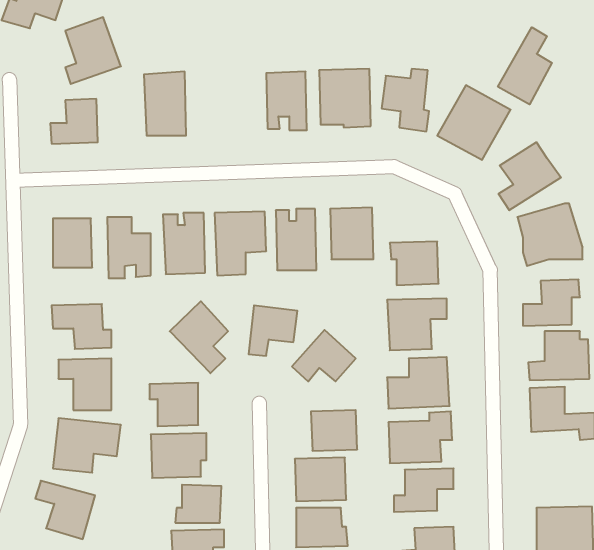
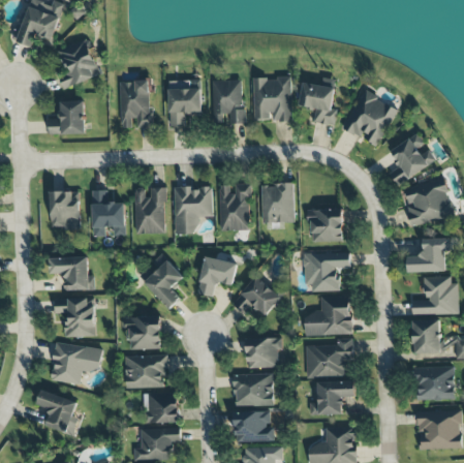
building: [498,27,552,104] -> none
building: none -> [167,80,202,126]
building: none -> [414,366,454,401]

